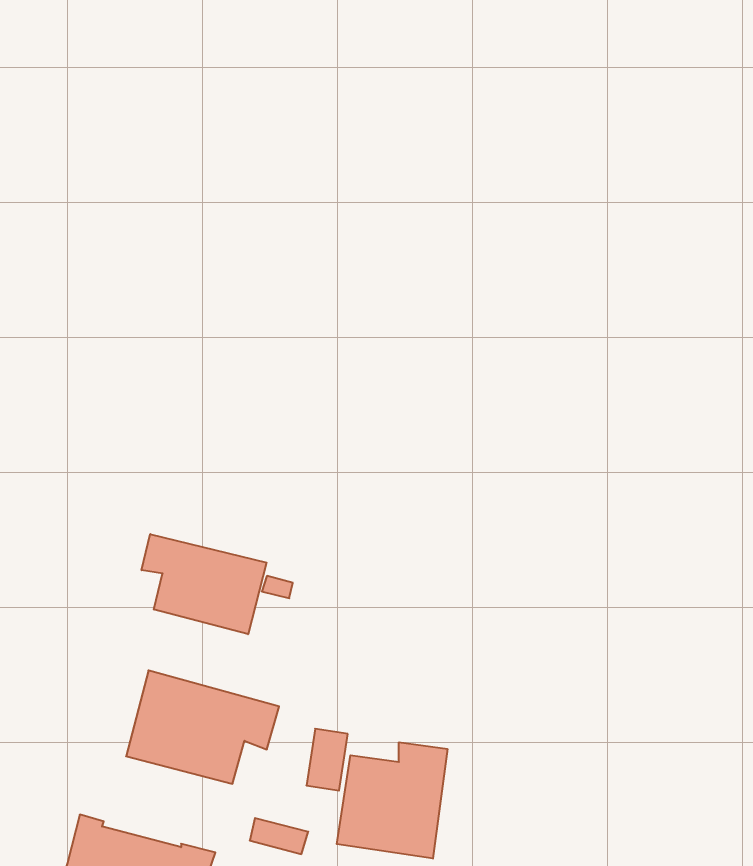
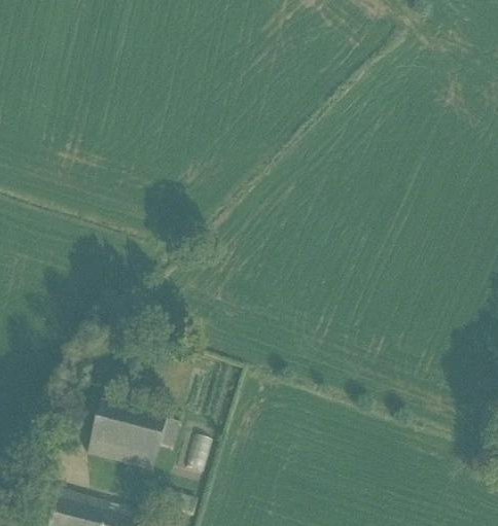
building: [142,534,267,634] -> none
building: [337,742,447,859] -> none

